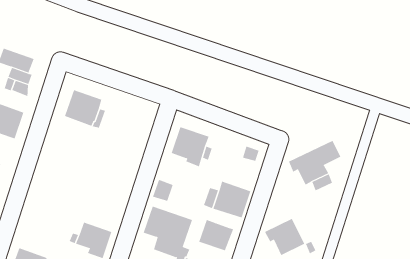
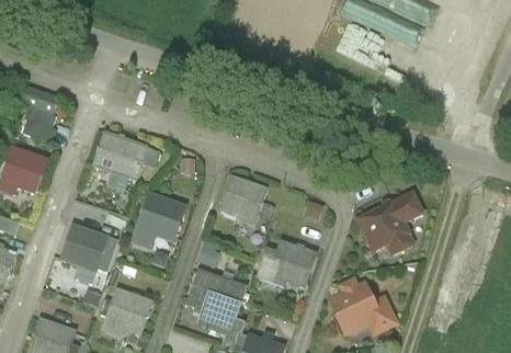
building: none -> [133,195,183,246]
building: none -> [60,226,116,283]
building: [199,219,234,251] -> none

